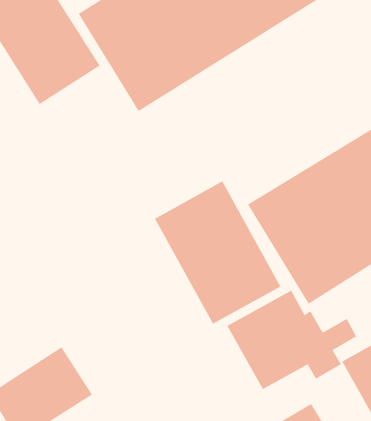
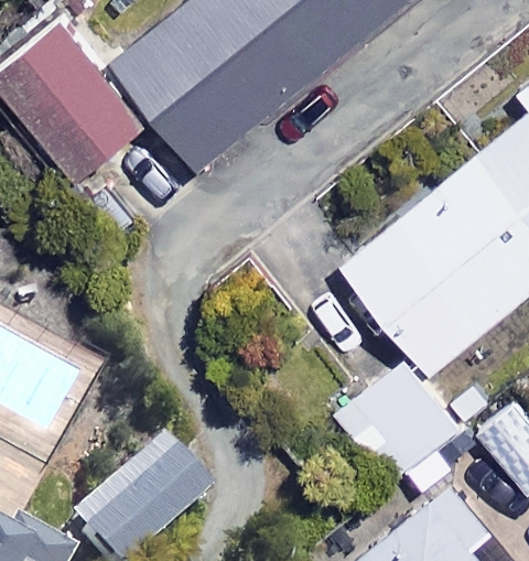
building: [154,181,281,324] -> none

